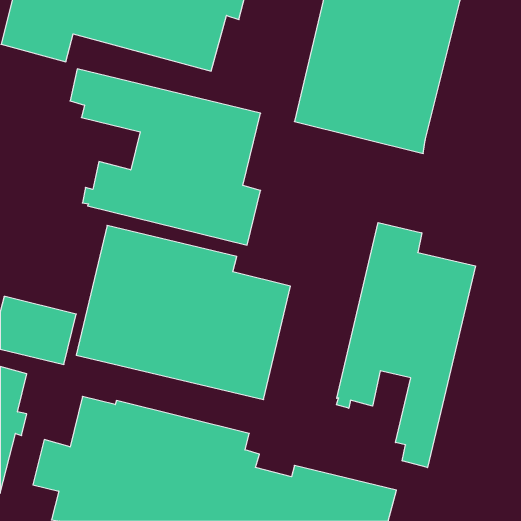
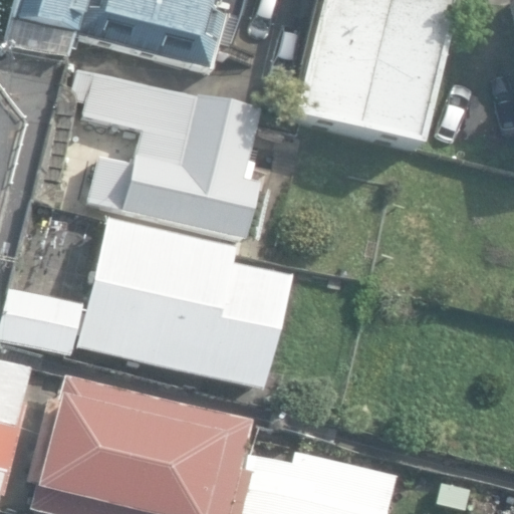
building: [337,223,475,468] -> none

